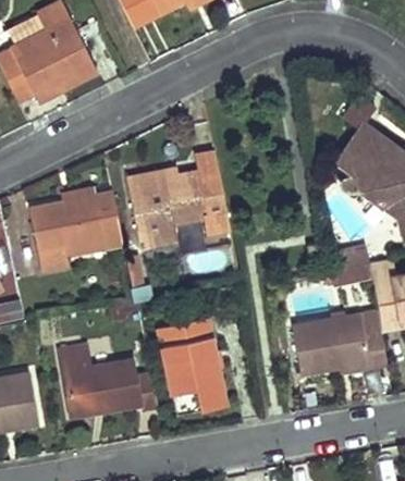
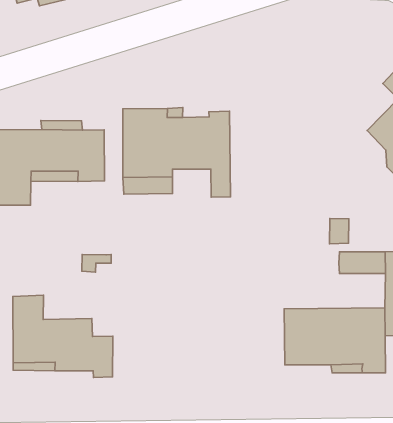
building: [159,317,225,412] -> none

